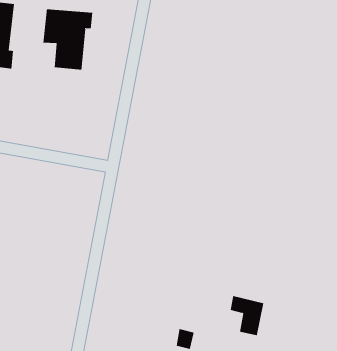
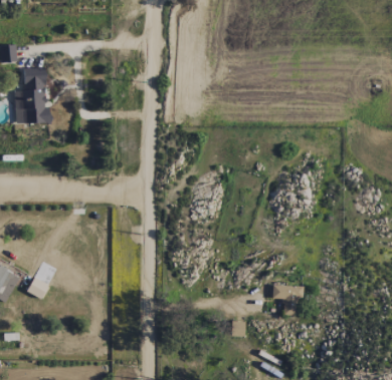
building: [43,9,93,71] -> none

